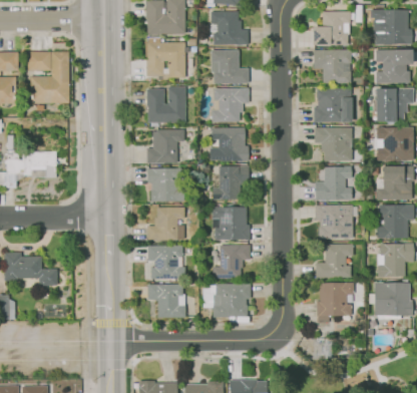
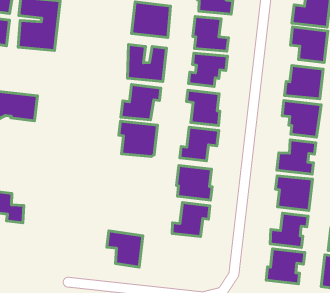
building: [147,207,185,239] -> none
building: [147,246,182,278] -> none
building: [213,283,251,317] -> none

